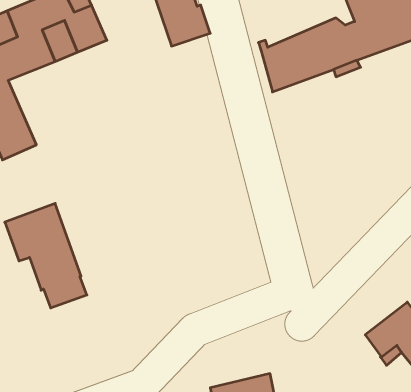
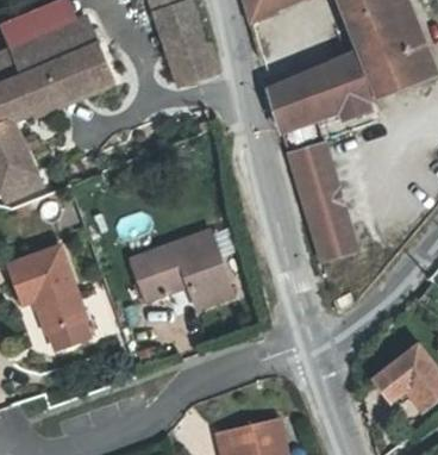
building: none -> [287,144,355,261]
building: none -> [130,231,232,308]

